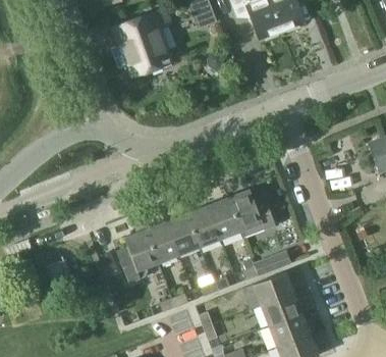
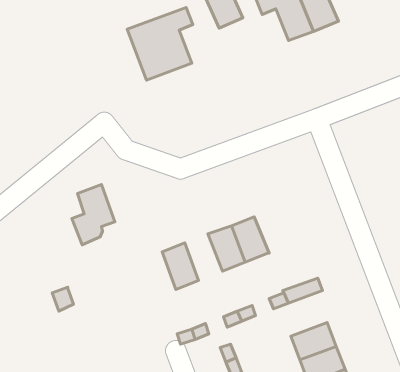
building: [228,190,275,238] -> none
building: [166,213,200,255] -> none
building: [119,230,158,284] -> [72,184,115,245]
building: [253,272,293,305] -> none

